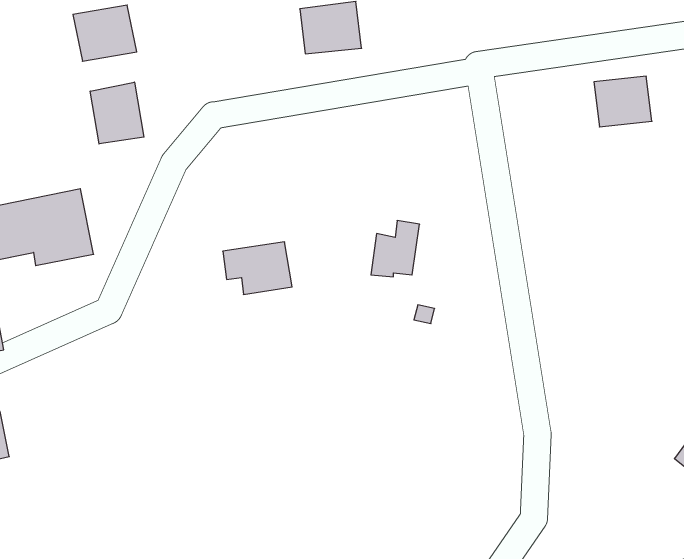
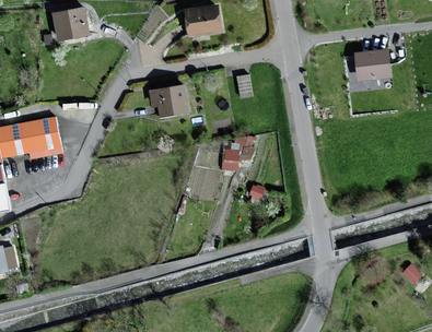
building: [90,82,144,144] -> none
building: [223,242,292,294] -> [148,85,188,116]

